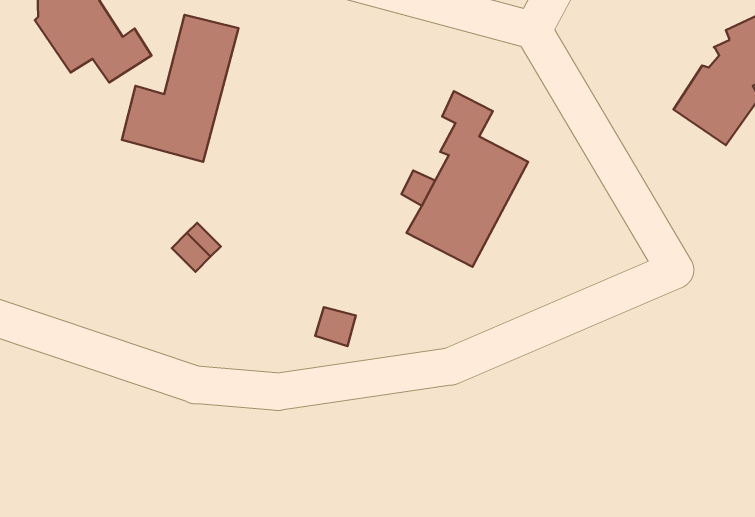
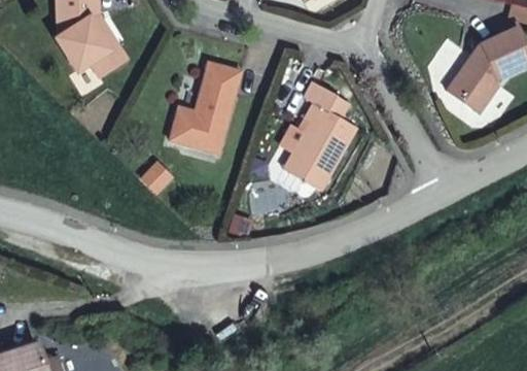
building: [122,15,238,162] -> [168,62,239,151]

